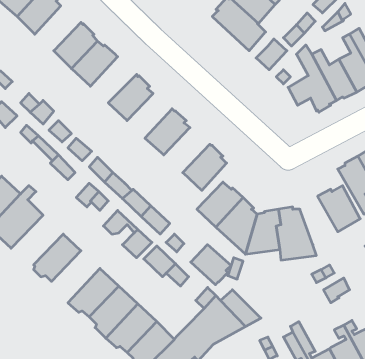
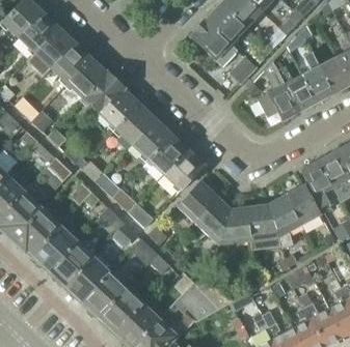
building: none -> [34,27,75,66]
building: none -> [83,71,124,112]
building: none -> [115,104,155,143]
building: none -> [147,134,188,173]
building: none -> [267,194,300,247]
building: none -> [14,210,59,254]
building: [191,245,231,285] -> none
building: none -> [49,241,91,287]

